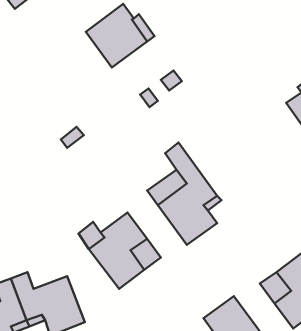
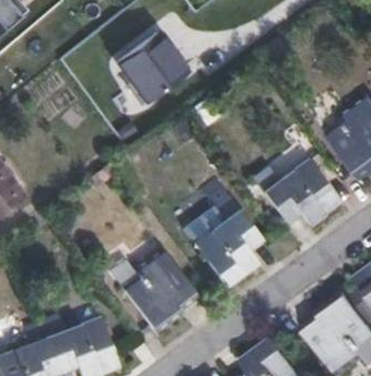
building: none -> [253,158,340,223]

